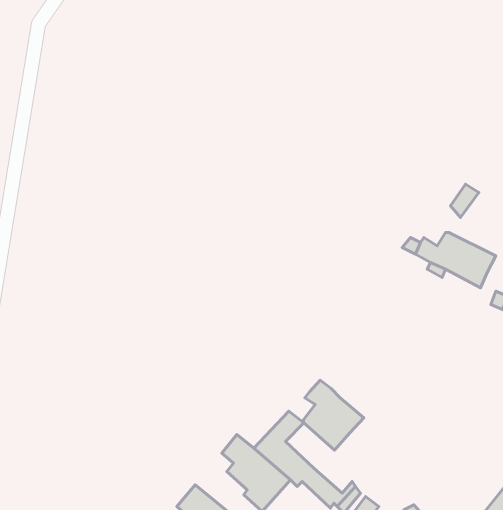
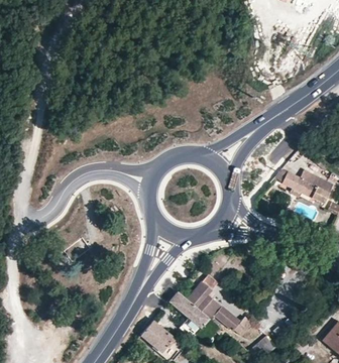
building: [303,380,364,450] -> none

